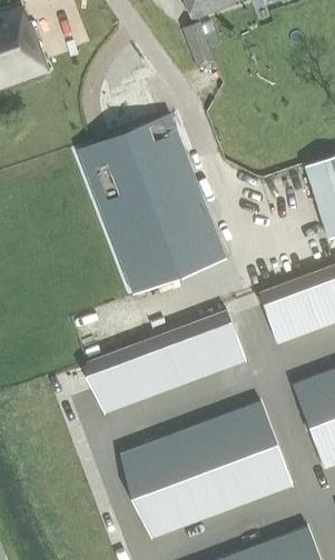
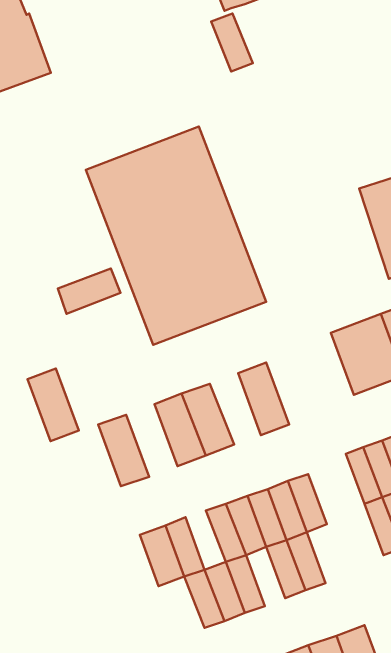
building: none -> [58,269,121,314]
building: [257,286,298,344] -> none
building: [179,319,221,378] -> none
building: [110,344,152,404] -> [28,369,79,441]
building: [159,432,193,481] -> none
building: [259,443,292,492] -> none
building: [209,462,242,511] -> none
building: [137,487,175,538] -> none

